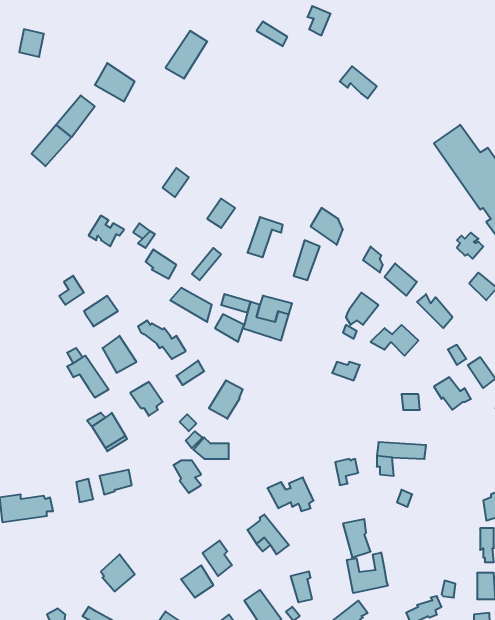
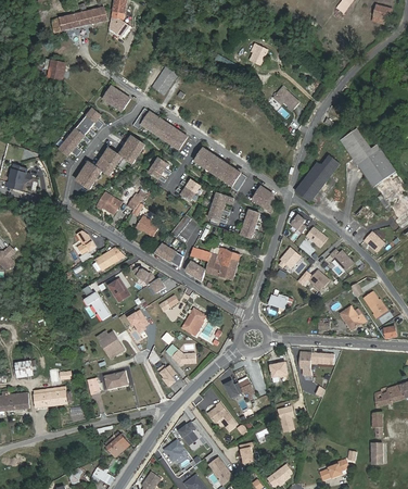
building: none -> [141,112,187,150]
building: none -> [76,137,144,189]
building: none -> [194,148,241,186]
building: none -> [295,156,340,202]
building: [347,552,388,593] -> none

